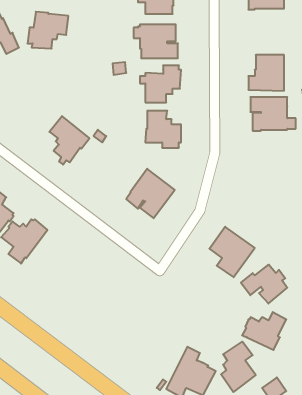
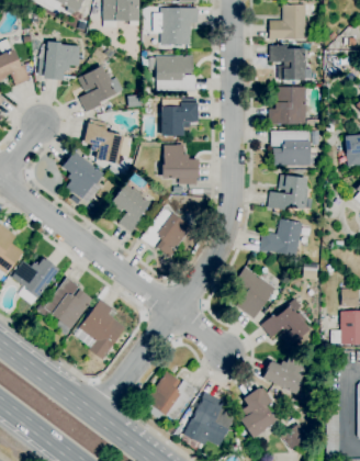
building: none -> [270,45,307,80]
building: none -> [78,65,124,112]
building: none -> [83,119,124,164]
building: none -> [268,175,308,210]
building: none -> [112,183,150,232]
building: none -> [260,218,303,256]
building: none -> [38,277,93,335]
building: none -> [75,299,126,359]
building: none -> [142,371,196,420]

